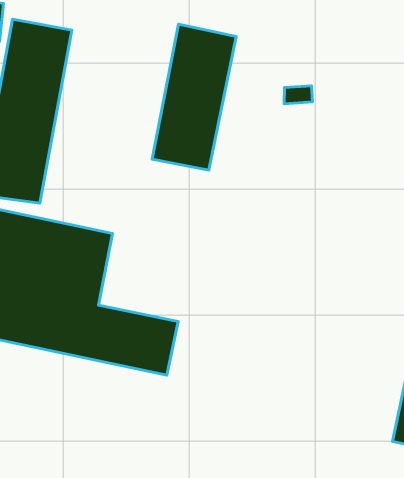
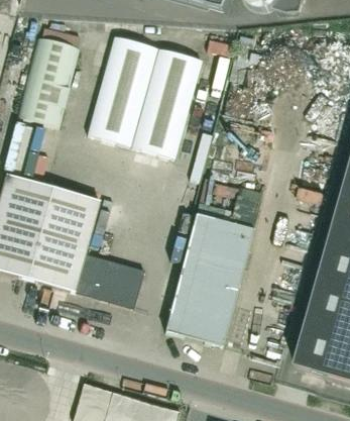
building: none -> [87,34,158,145]
building: none -> [164,211,253,344]

